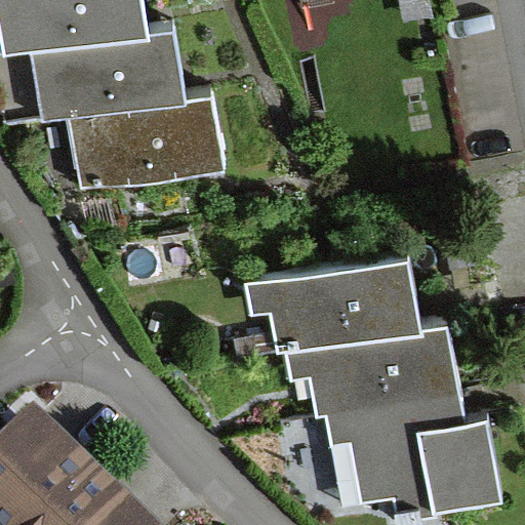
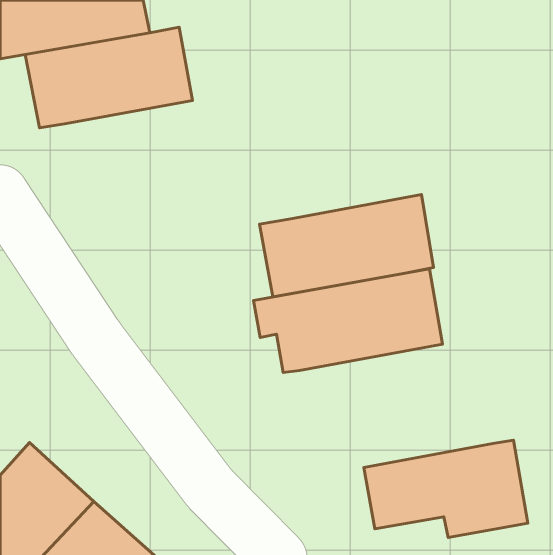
building: [68,93,225,189] -> none
building: none -> [260,194,434,297]
building: [286,321,468,445] -> none

